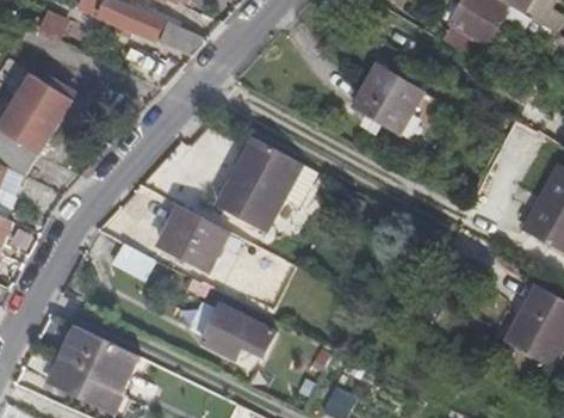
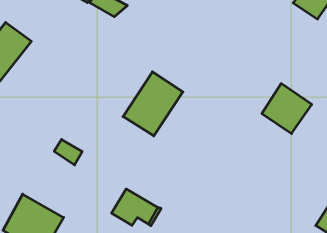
building: [349,60,421,131] -> [262,84,312,134]
building: [161,204,230,269] -> none

